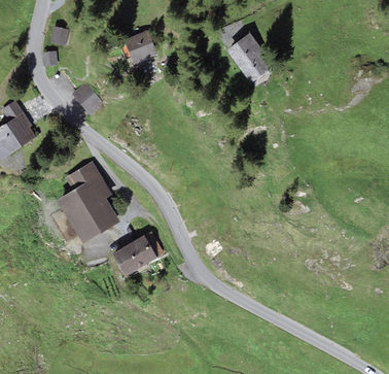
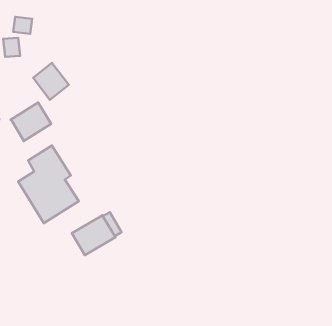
building: [226,31,275,81] -> none
building: [123,33,158,69] -> none
building: none -> [11,102,51,141]

